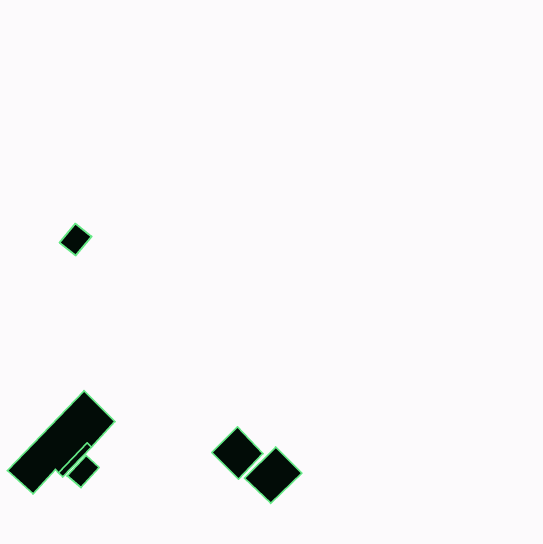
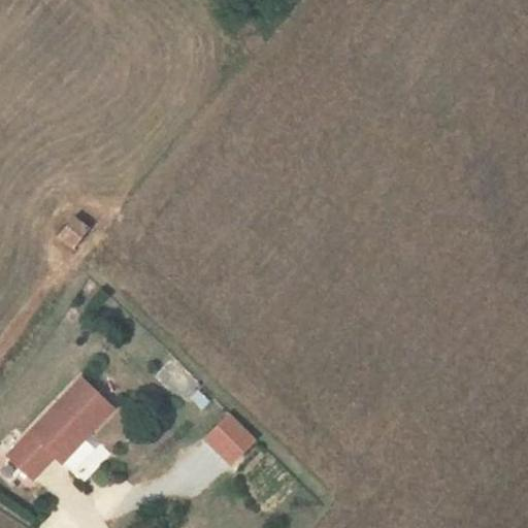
building: [245,447,302,503] -> none

